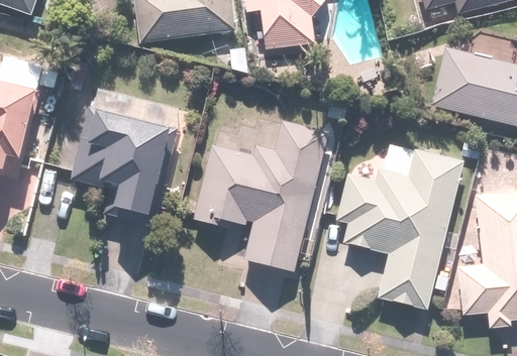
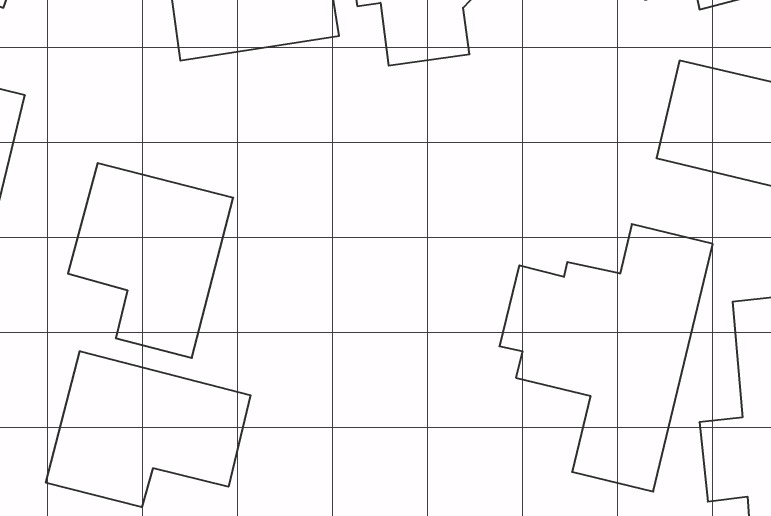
building: [192,121,327,270] -> none
building: none -> [46,351,251,507]

